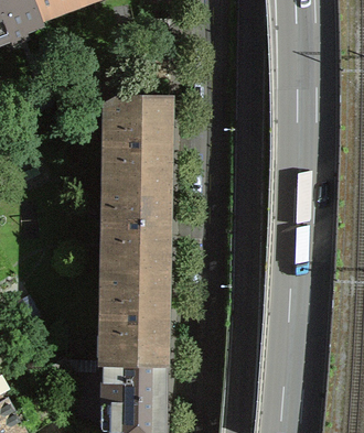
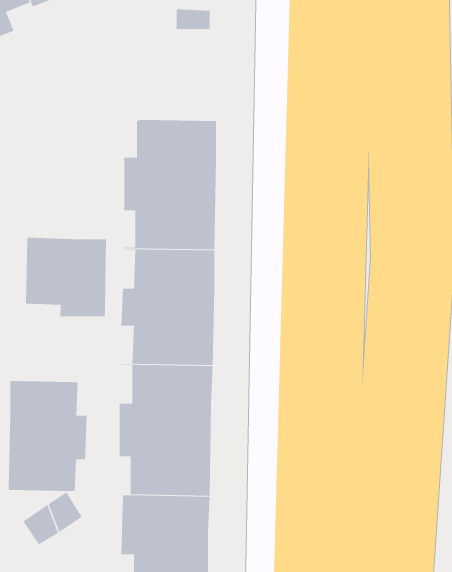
building: none -> [26,237,107,317]
building: none -> [8,380,87,492]

